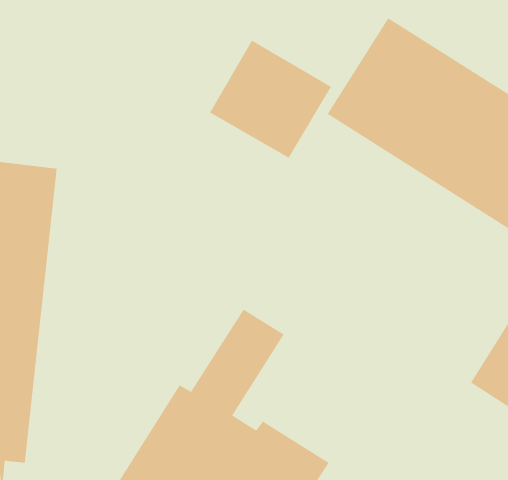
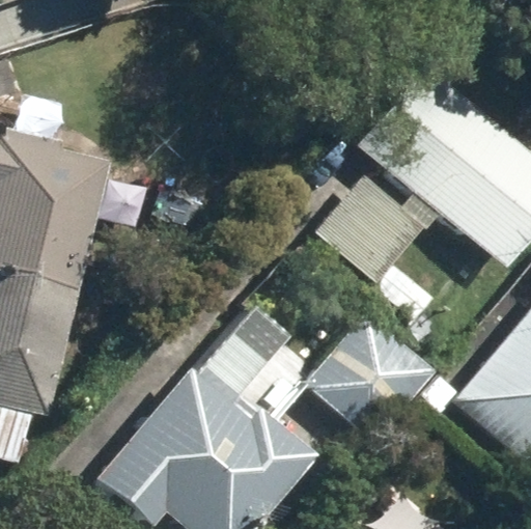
building: [209,40,332,158] -> [313,173,426,284]
building: none -> [308,313,438,444]

